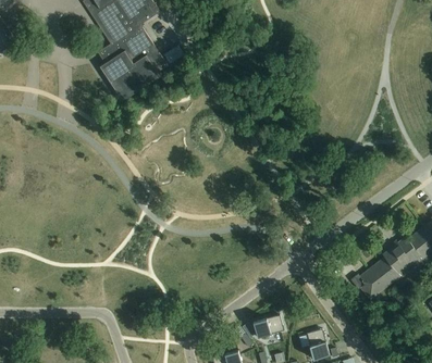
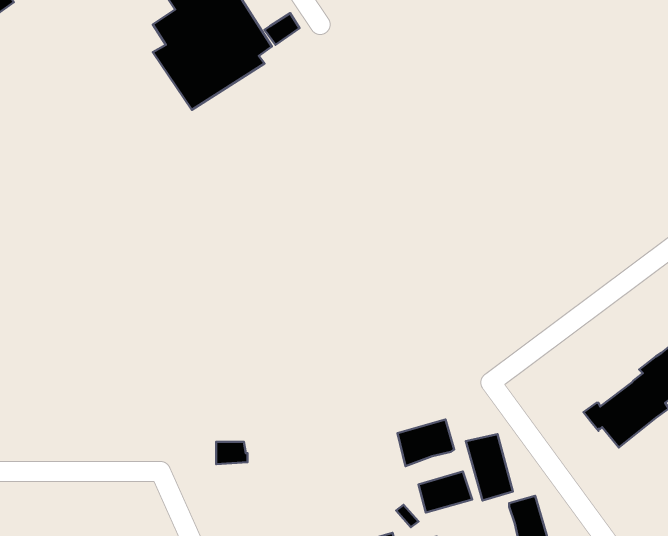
building: none -> [398,420,454,466]
building: none -> [466,434,513,501]

